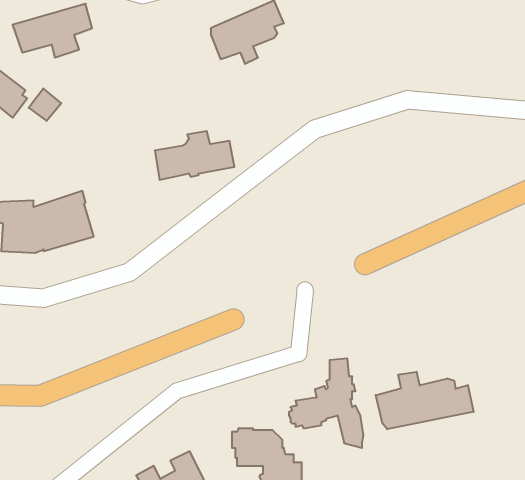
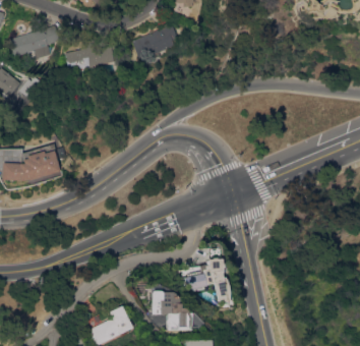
building: [155,131,234,180] -> [66,40,116,70]
building: [376,372,474,429] -> none

